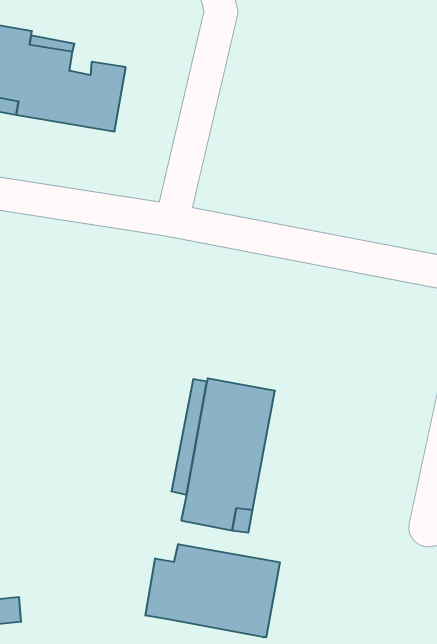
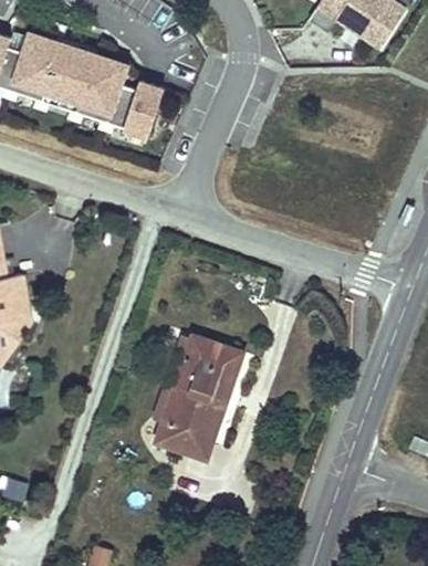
building: [145,544,280,637] -> none

